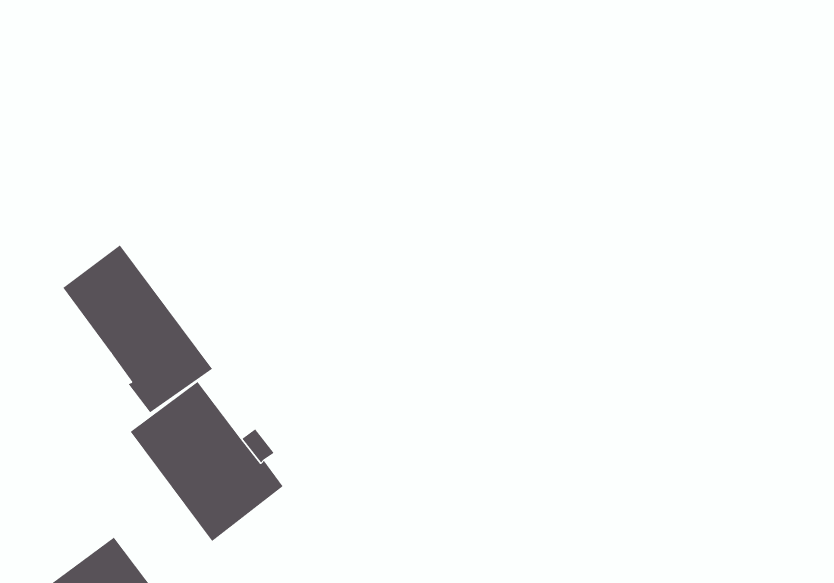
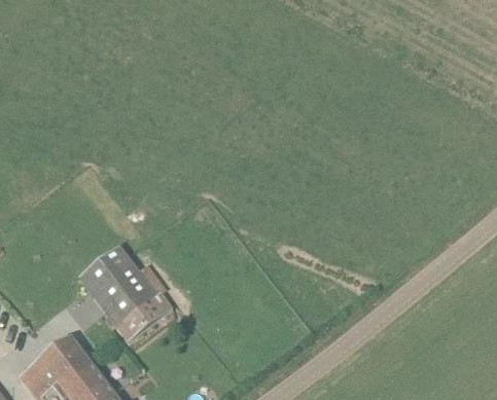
building: [63,244,213,413] -> none

